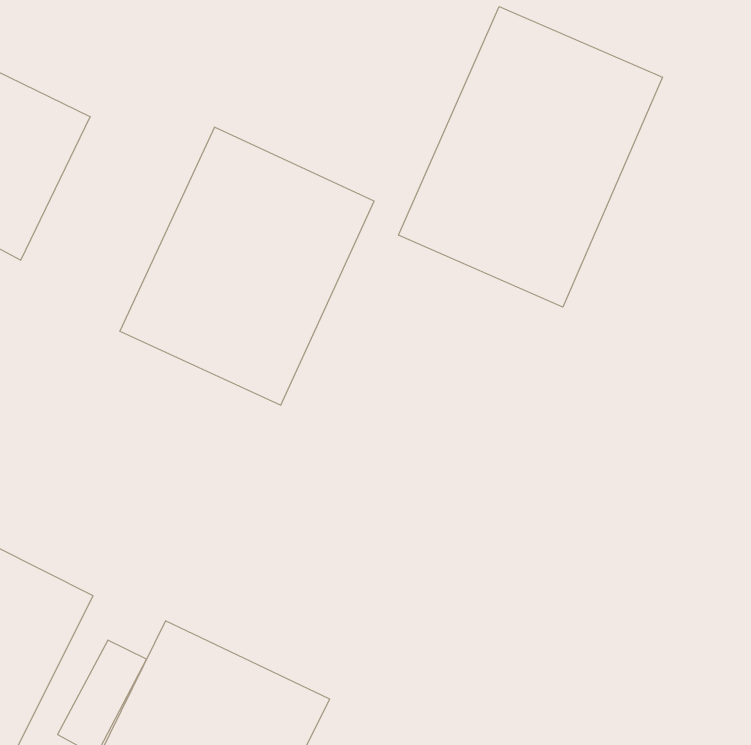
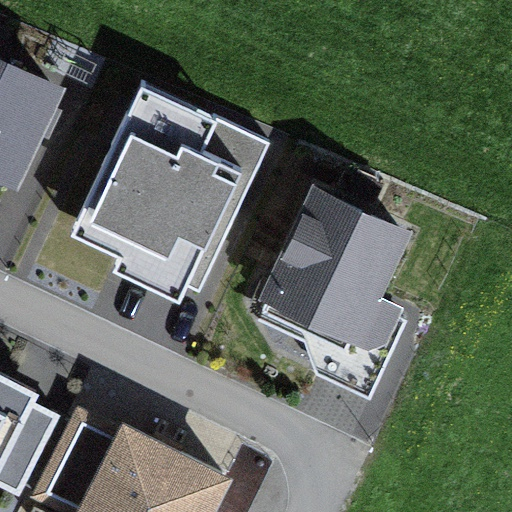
building: [399,7,662,307] -> none
building: none -> [261,188,421,356]

